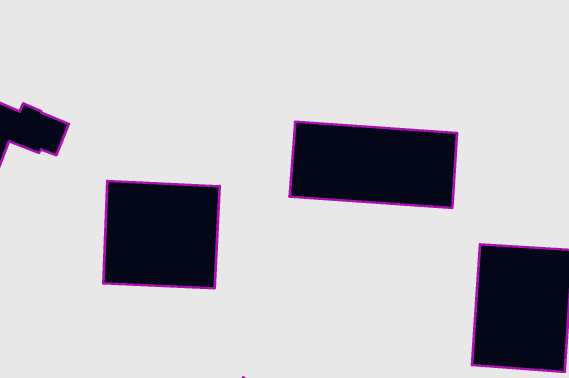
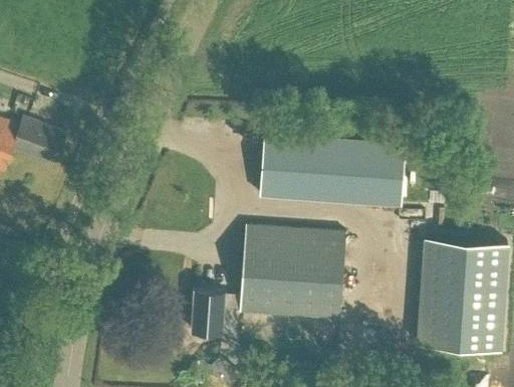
building: [103,181,220,288] -> none
building: none -> [193,227,346,336]

